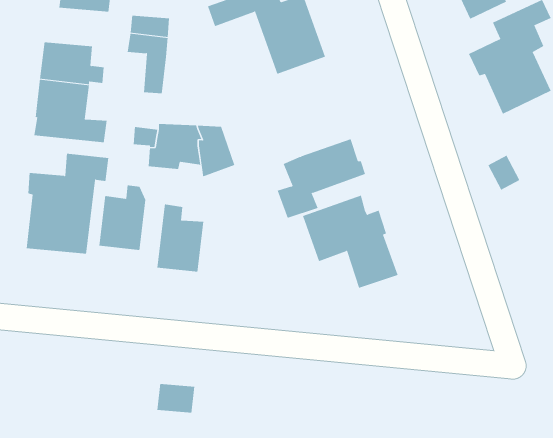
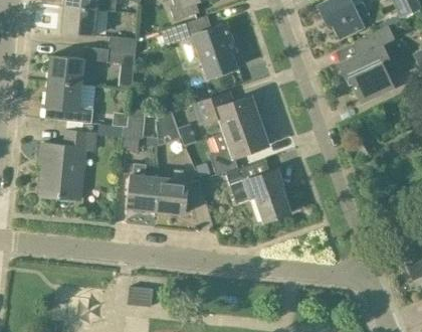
building: none -> [192,96,259,133]
building: [99,185,146,250] -> [156,170,188,214]

